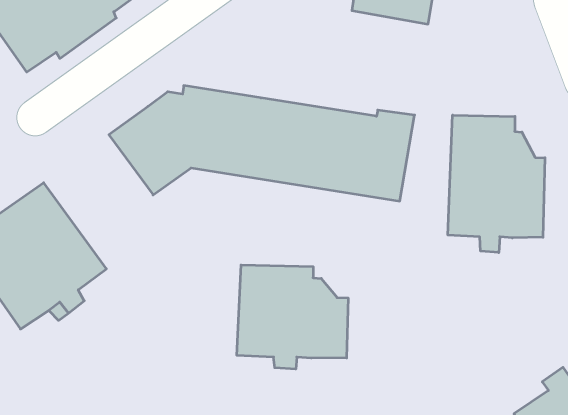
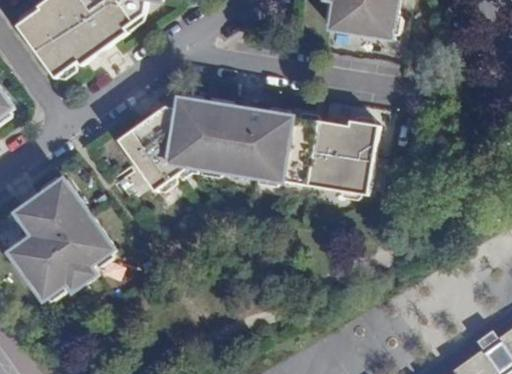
building: [448,115,545,253] -> none
building: [237,265,348,369] -> none

